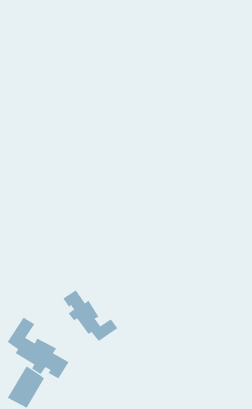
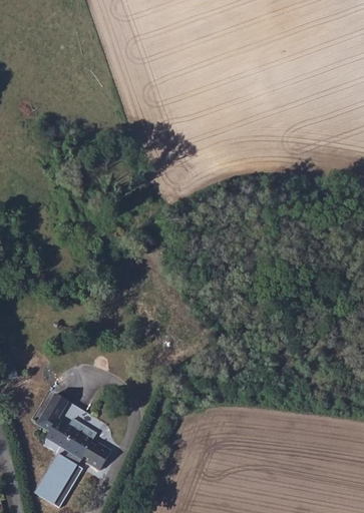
building: [63,290,118,342] -> none

